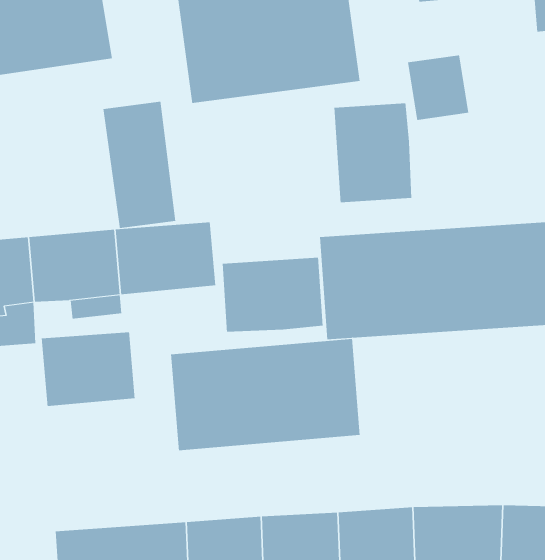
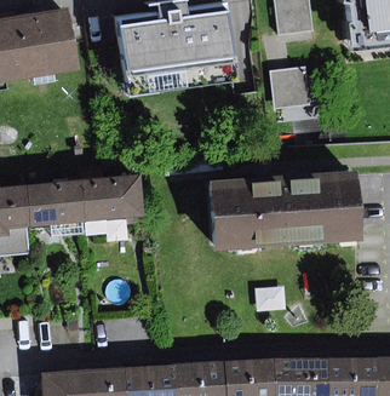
building: [103,101,176,229] -> none
building: [334,103,412,203] -> none
building: [222,257,323,332] -> none
building: [41,331,135,407] -> none
building: [171,338,360,451] -> none

